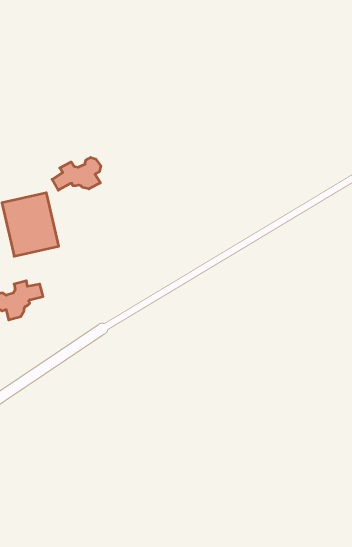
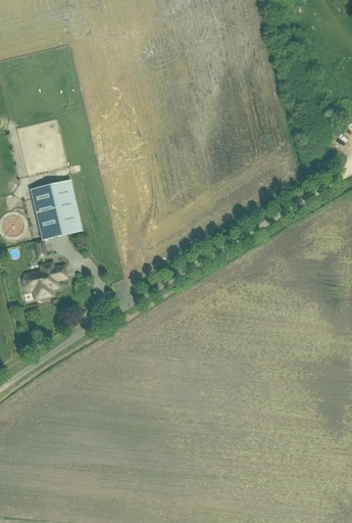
building: [52,157,101,190] -> none

